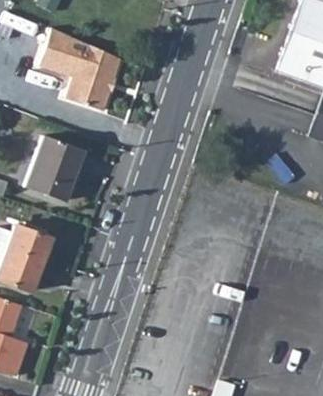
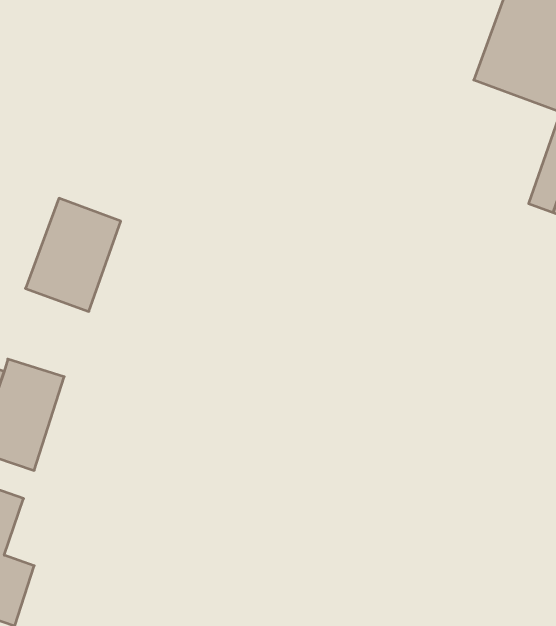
building: [53,32,132,113] -> none

